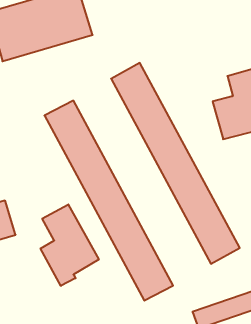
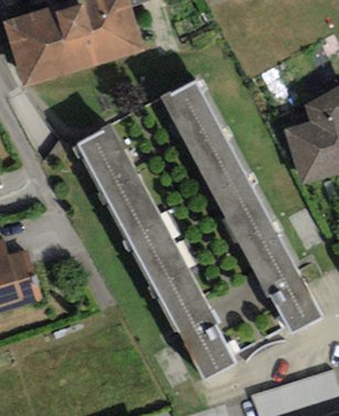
building: [41,204,99,286] -> none

